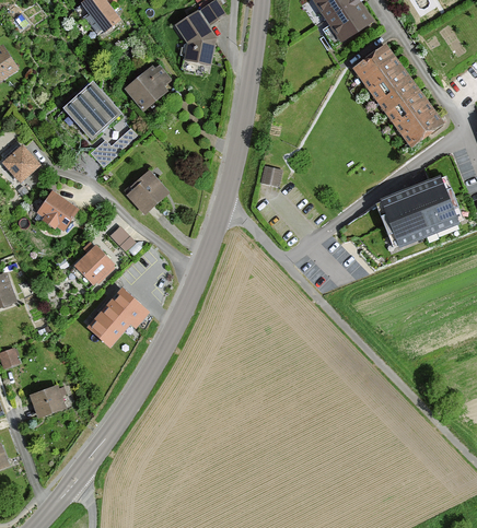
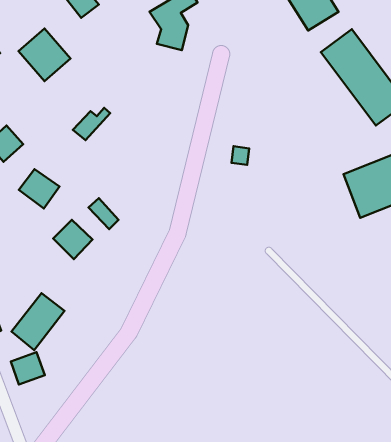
building: [124,66,170,113] -> none
building: [66,84,120,140] -> [19,28,70,81]
building: [124,169,168,216] -> none
building: [89,288,144,348] -> [11,293,64,350]

